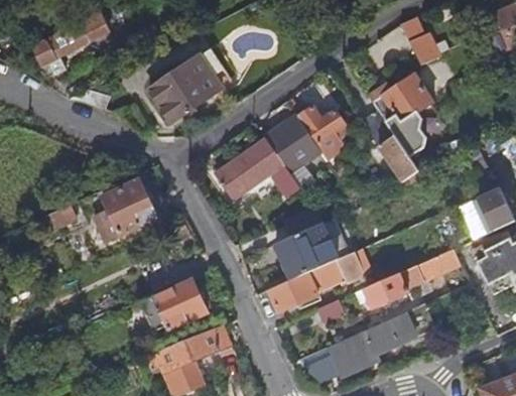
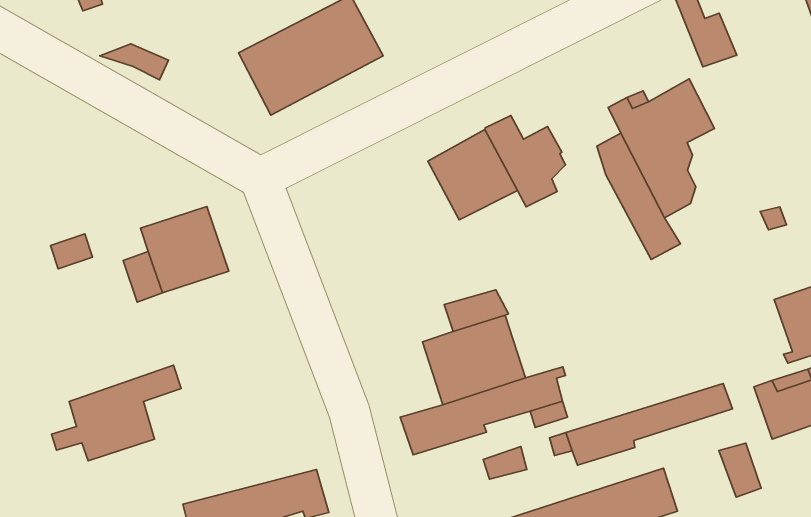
building: [215,139,301,202] -> none
building: [146,268,219,329] -> [52,365,181,461]

